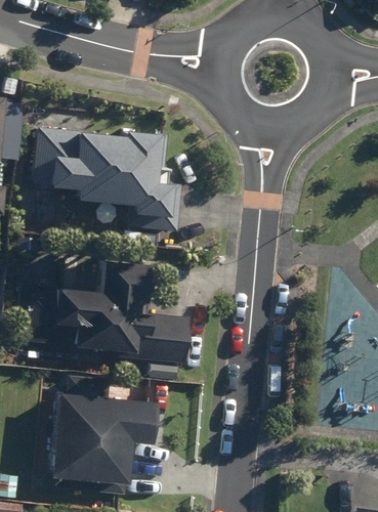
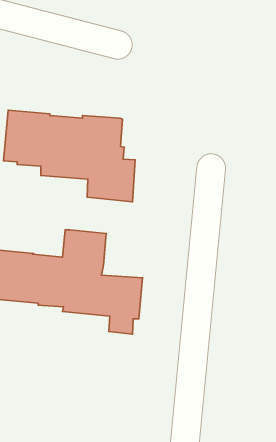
building: [48,373,153,492] -> none

